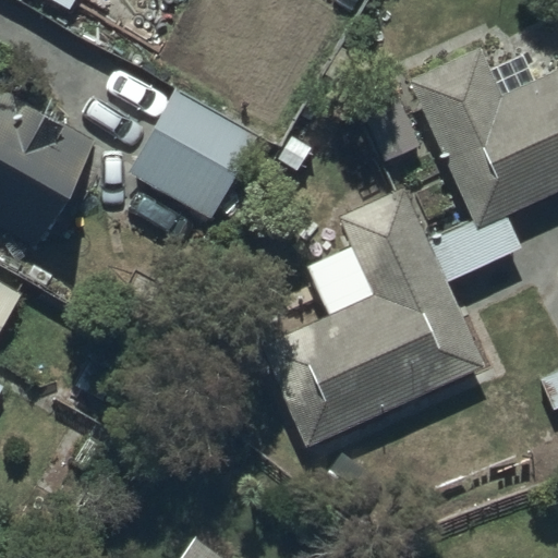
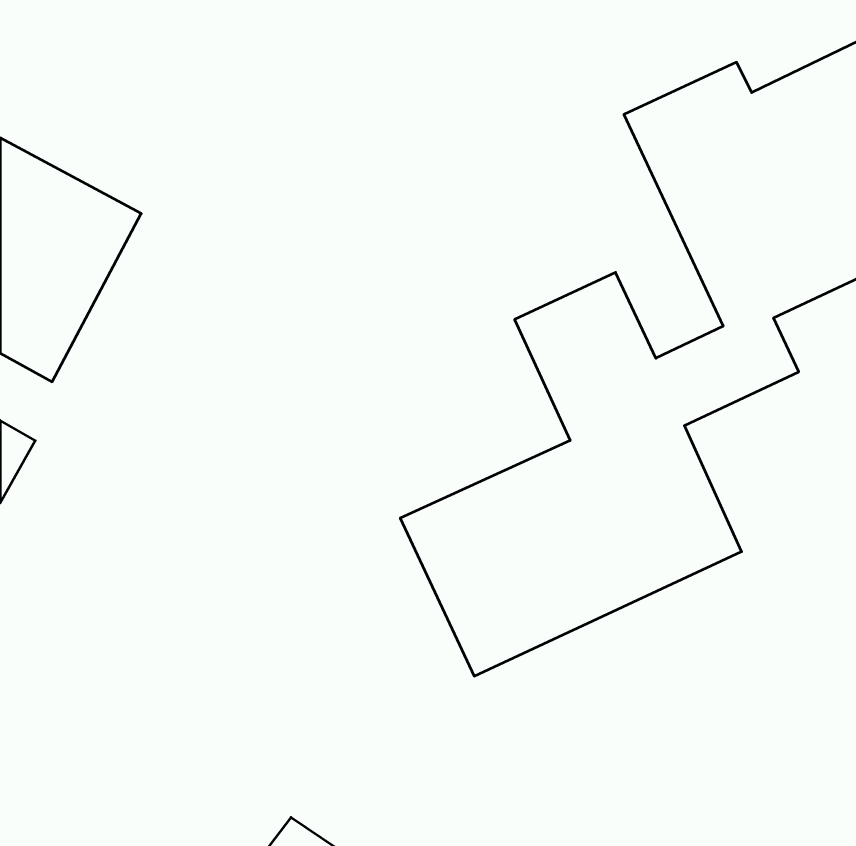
building: [129,53,276,218] -> none

